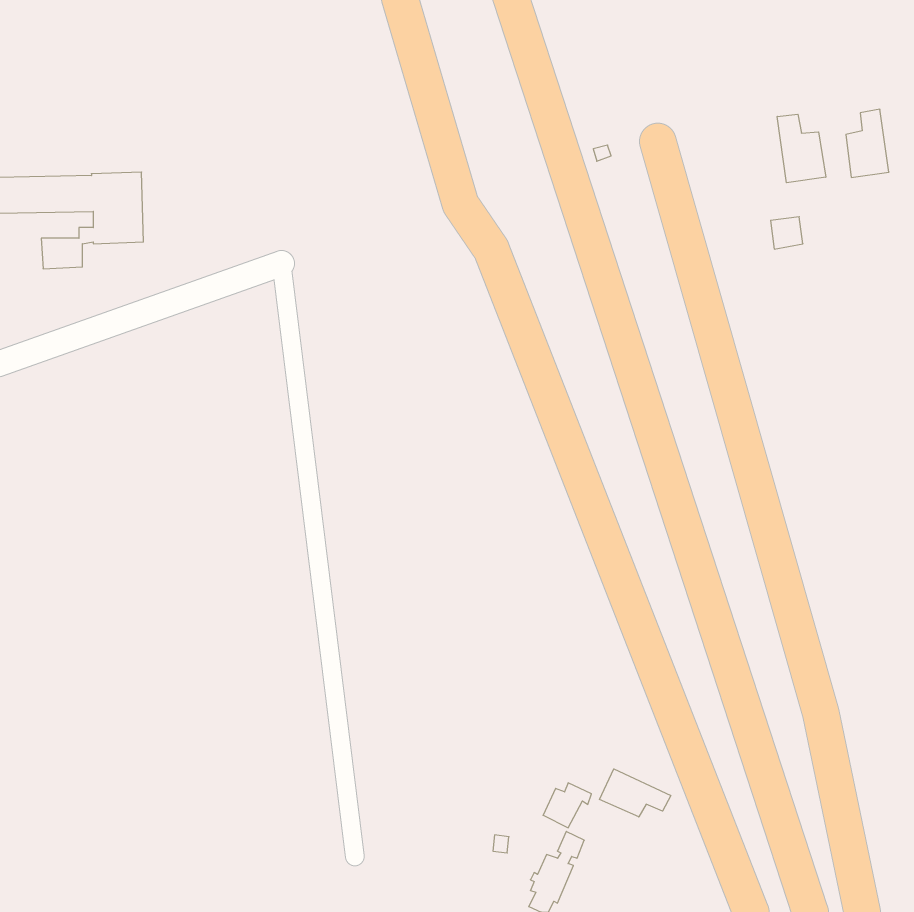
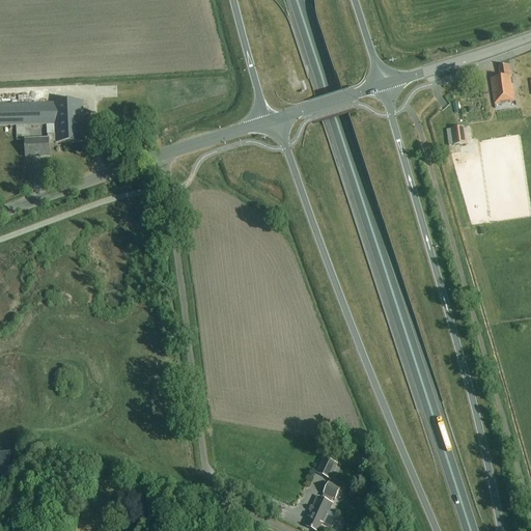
building: [777,114,826,183] -> none
building: [600,769,671,817] -> none

